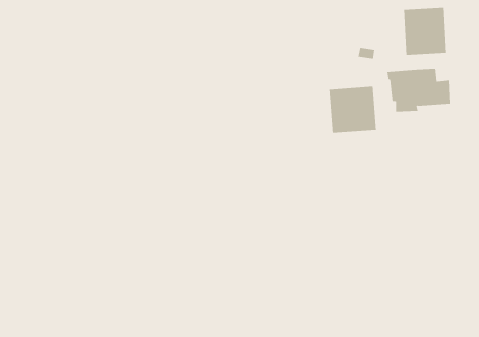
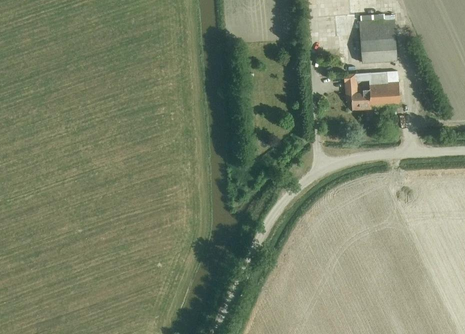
building: [329,86,376,133] -> none

